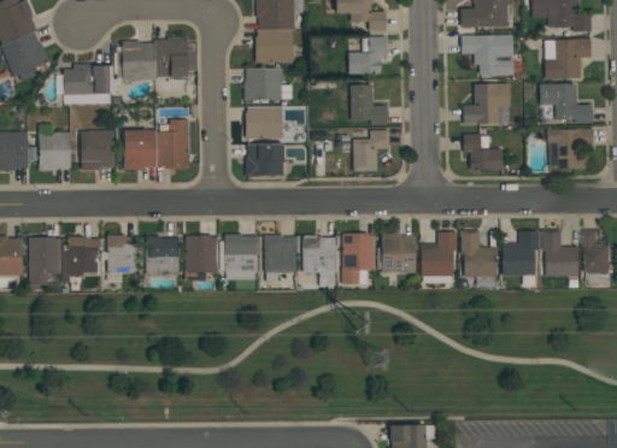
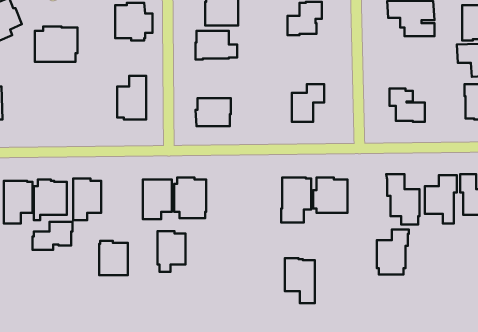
building: [118,41,154,79] -> none
building: [463,83,510,124] -> none
building: [351,84,388,124] -> none
building: [246,106,282,138] -> none
building: [124,130,157,170] -> none
building: [39,131,71,171] -> none
building: [81,131,113,170] -> none
building: [421,232,457,283] -> [377,230,409,275]
building: [264,235,295,281] -> [158,231,185,272]
building: [302,235,336,285] -> [285,258,315,303]
building: [146,236,178,275] -> [99,241,128,275]
building: none -> [33,222,73,250]

